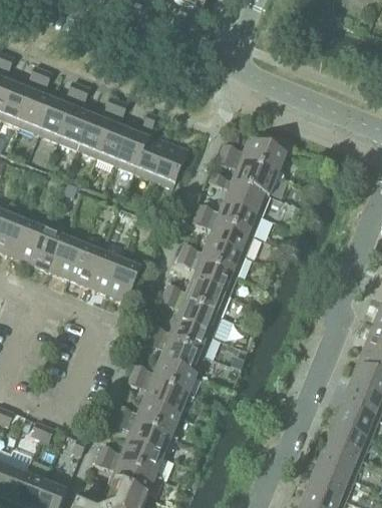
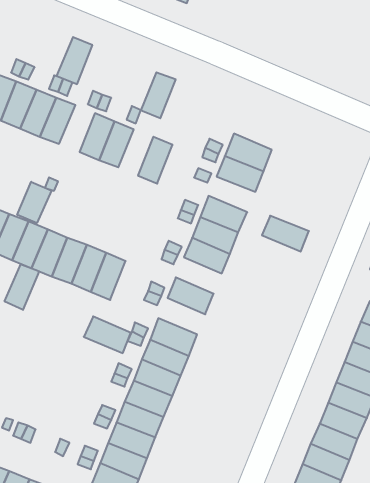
building: [76,111,111,157] -> [57,37,92,84]
building: [134,135,168,180] -> [141,72,176,118]
building: [223,181,269,216] -> [262,216,309,252]
building: none -> [17,182,51,223]
building: [190,261,236,297] -> none
building: none -> [5,264,39,310]
building: [173,301,220,337] -> [84,316,131,353]

